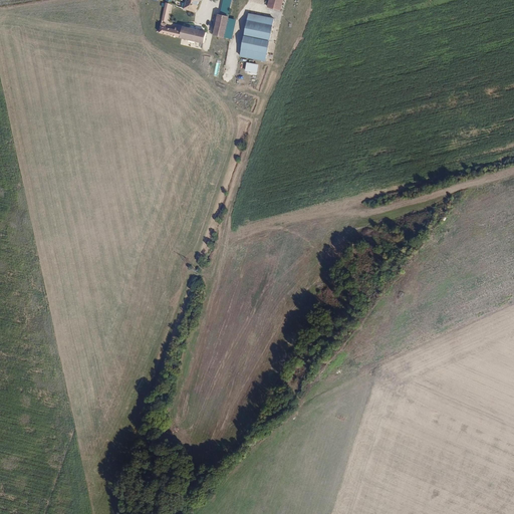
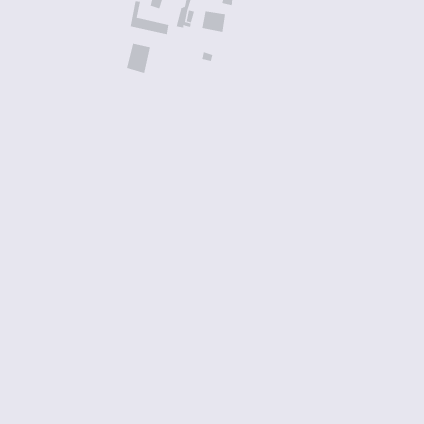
building: [240,34,269,60] -> none
building: none -> [126,43,150,74]

